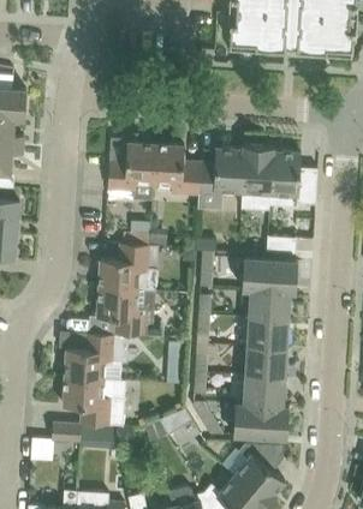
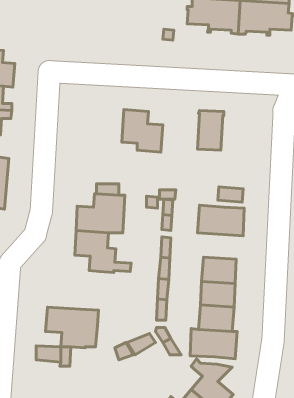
building: [107,143,155,199] -> none
building: [197,148,244,209] -> none
building: [269,151,317,206] -> none
building: [249,289,290,321] -> none
building: [65,333,126,379] -> none

